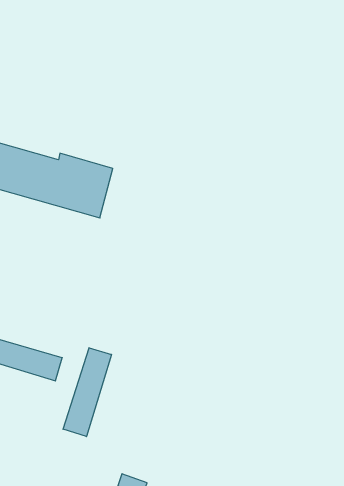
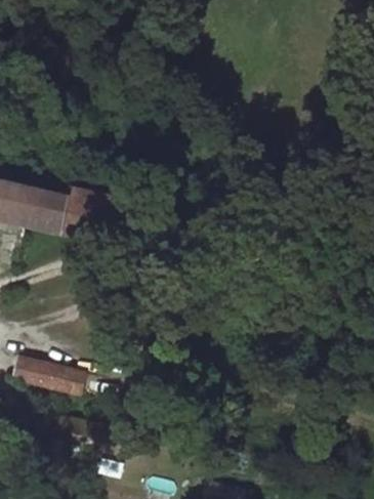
building: [63,348,111,437] -> none

